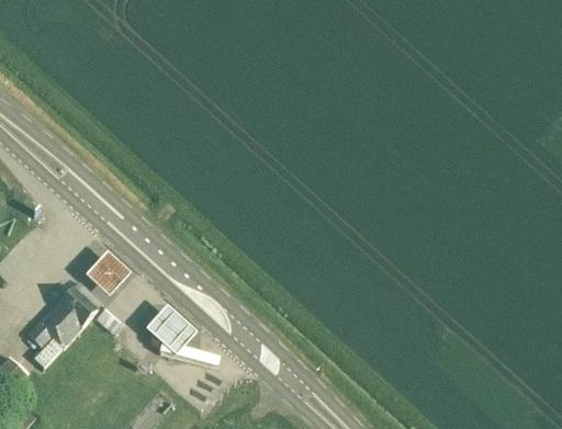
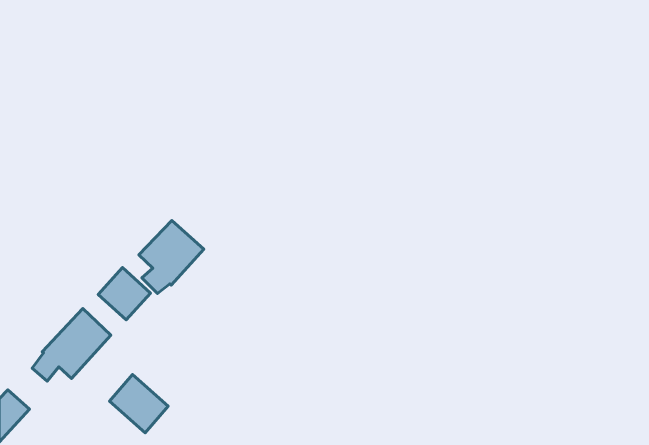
building: none -> [139,220,204,294]
building: [147,305,198,355] -> [109,374,168,433]

